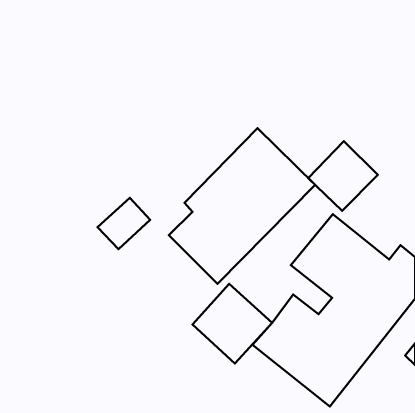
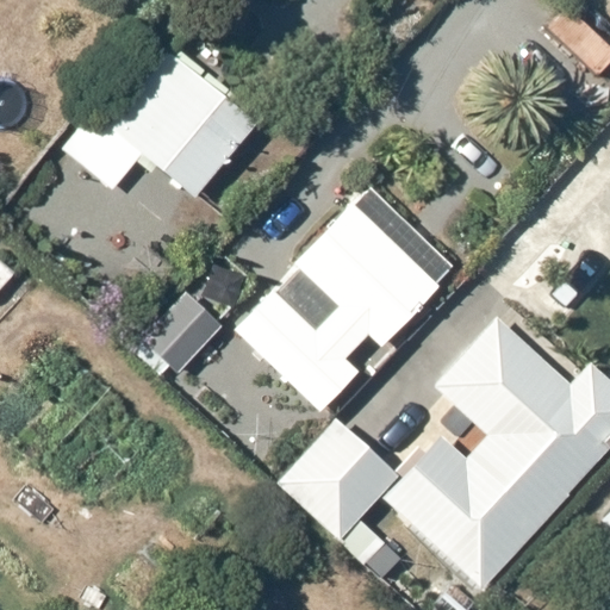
building: none -> [61,51,253,191]
building: [308,141,378,211] -> none

